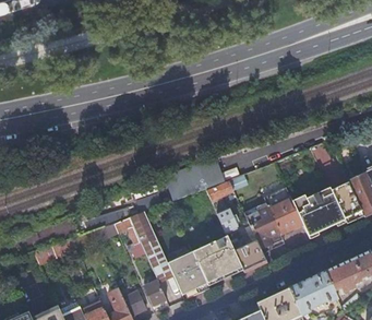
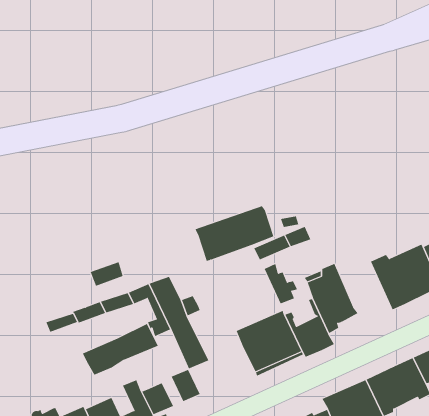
building: [264,188,303,235] -> none
building: none -> [82,323,158,375]
building: [173,263,206,292] -> none

